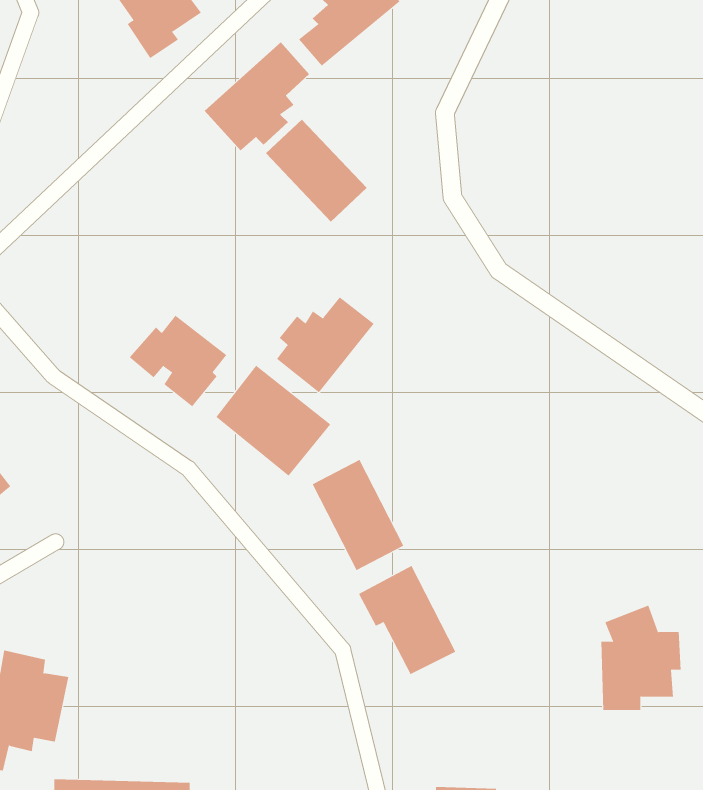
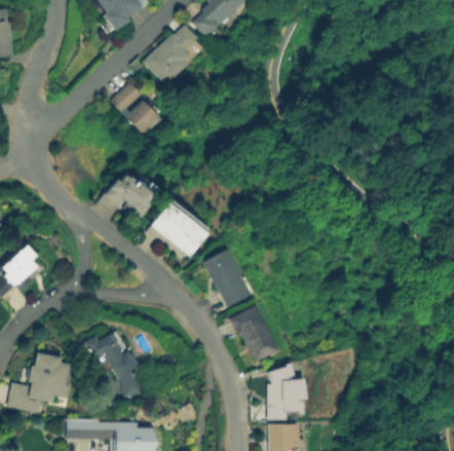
building: [265,119,367,223] -> [111,82,165,138]
building: [276,297,374,393] -> none
building: [601,605,682,711] -> [267,363,310,419]
building: none -> [82,333,141,398]

